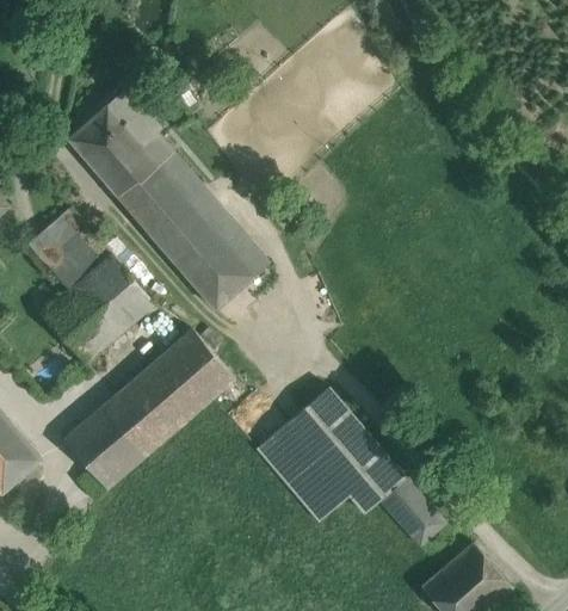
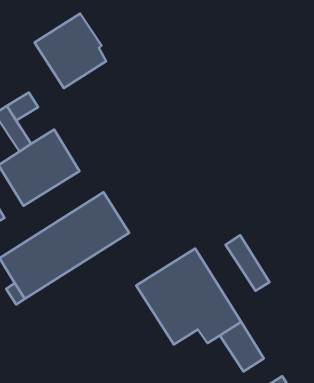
building: [117,149,268,309] -> none
building: [58,226,112,277] -> none
building: none -> [226,235,270,291]

